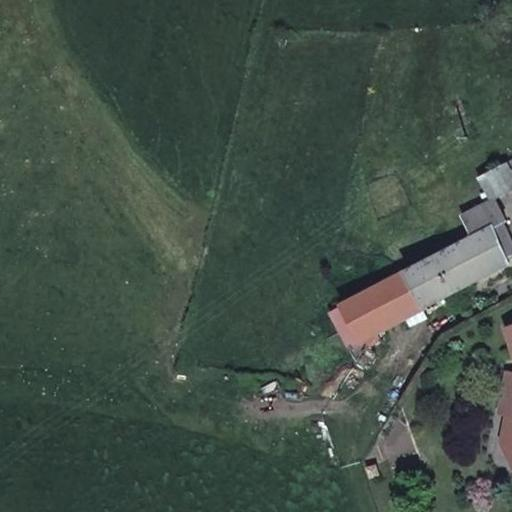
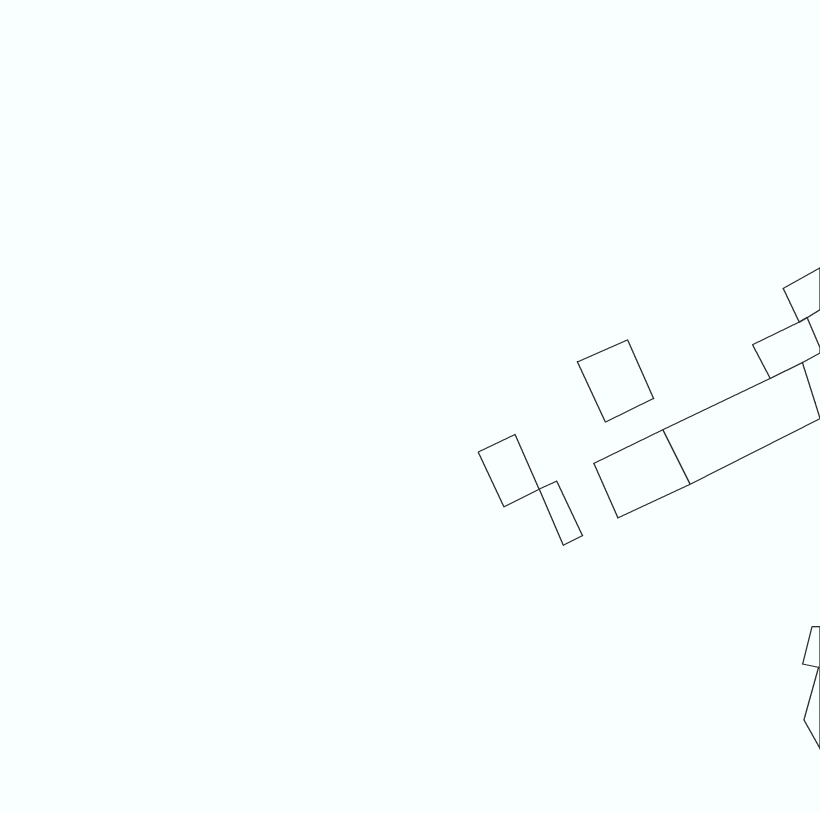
building: none -> [577,340,654,422]
building: [347,289,385,334] -> [478,435,539,507]

